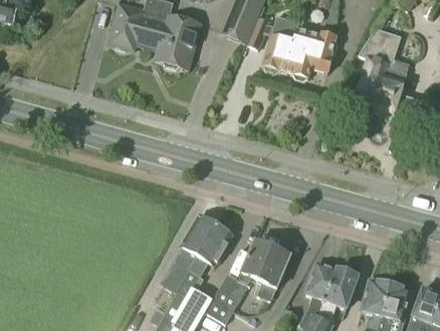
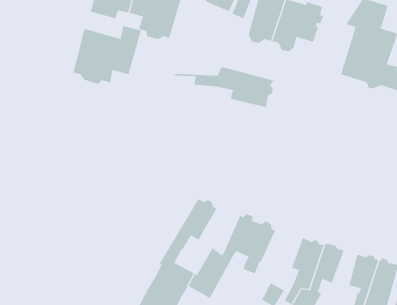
building: none -> [73,25,141,84]
building: none -> [175,66,275,108]
building: [160,215,214,292] -> none

